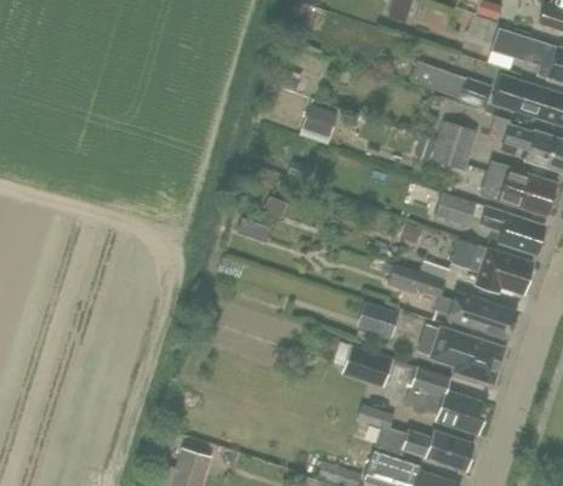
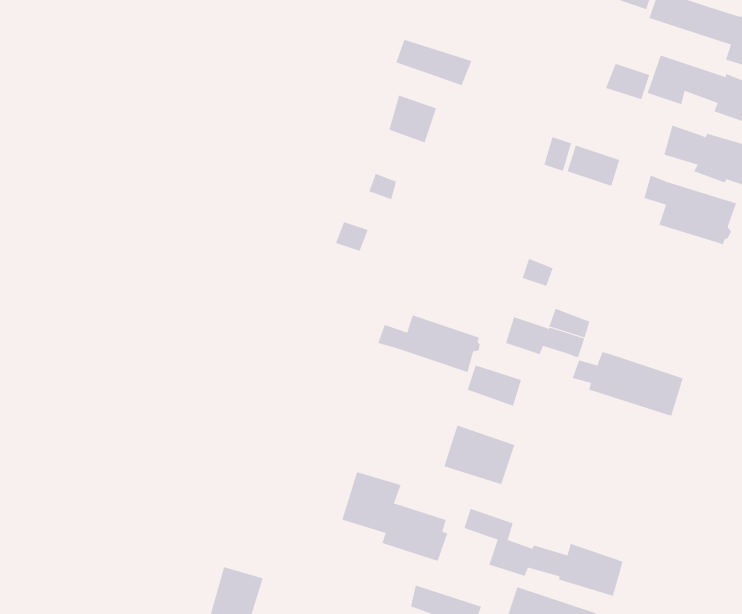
building: [411,65,467,99] -> [396,39,472,86]
building: [438,120,478,151] -> none
building: [436,193,477,225] -> none
building: [480,206,545,253] -> none
building: [451,239,533,293] -> none
building: none -> [377,315,480,373]
building: [428,326,505,384] -> none
building: [406,367,484,433] -> [342,472,448,562]

